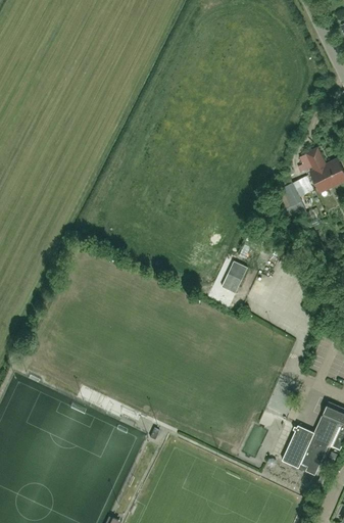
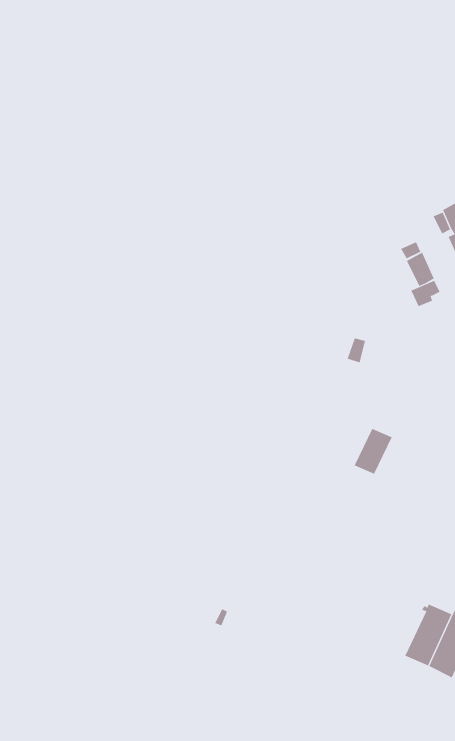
building: [222,262,248,293] -> [354,428,392,474]

